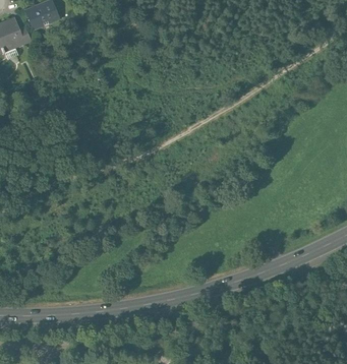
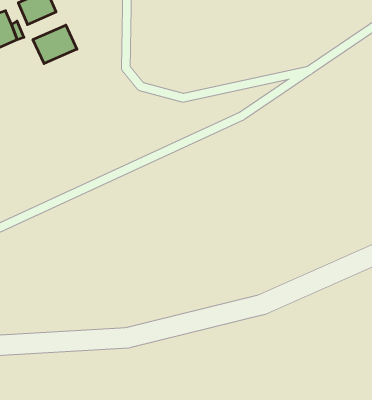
building: none -> [33,25,77,64]

